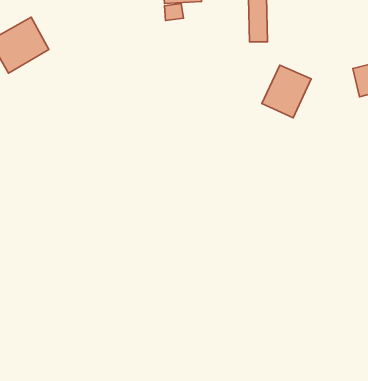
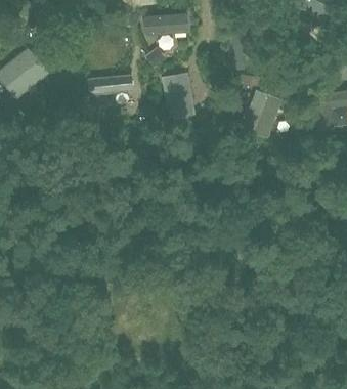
building: none -> [160,71,198,121]
building: none -> [86,75,131,95]

